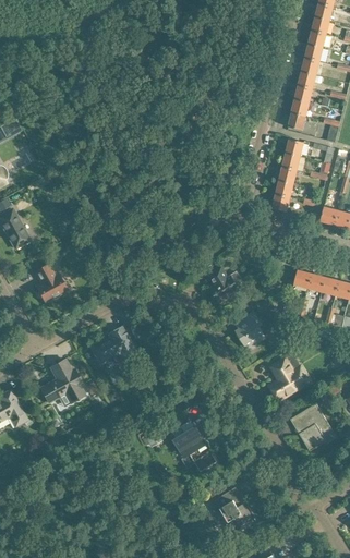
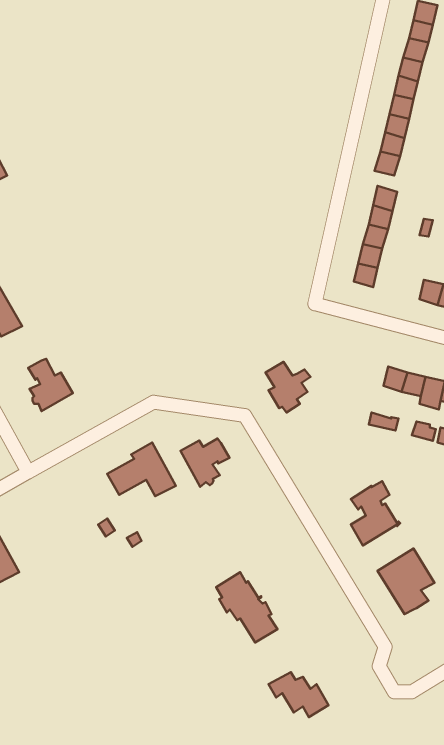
building: [237,311,265,348] -> none
building: none -> [180,439,230,487]
building: [40,359,85,407] -> none

